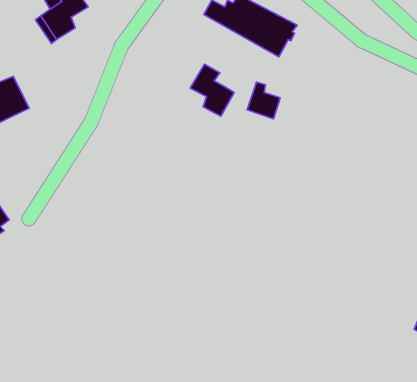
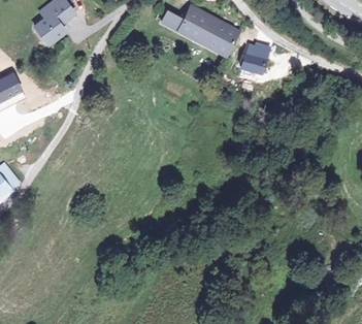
building: [190,64,234,116] -> none
building: [247,82,280,119] -> [239,46,265,75]

